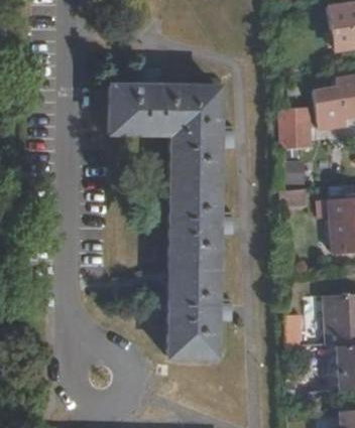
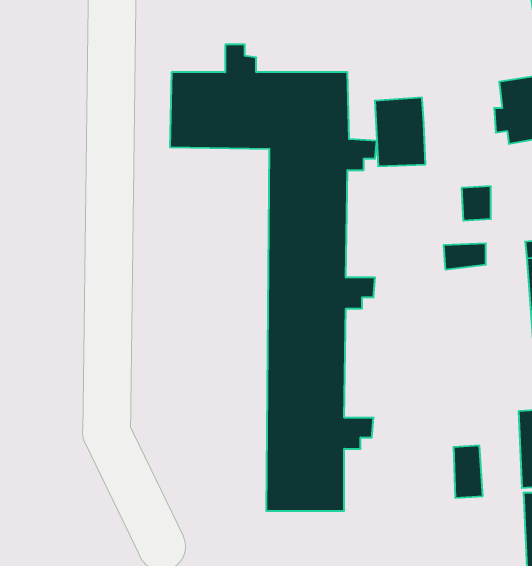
building: [280,108,312,150] -> [375,98,425,166]

